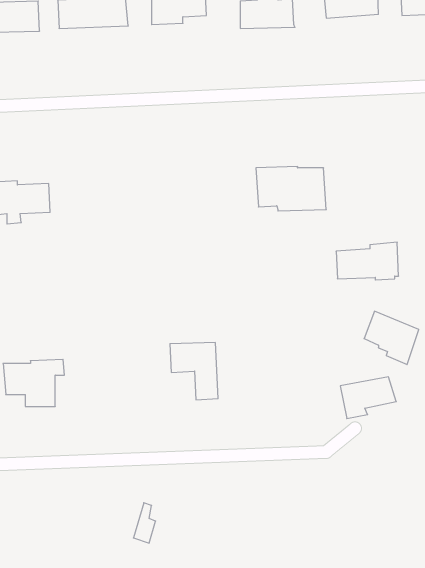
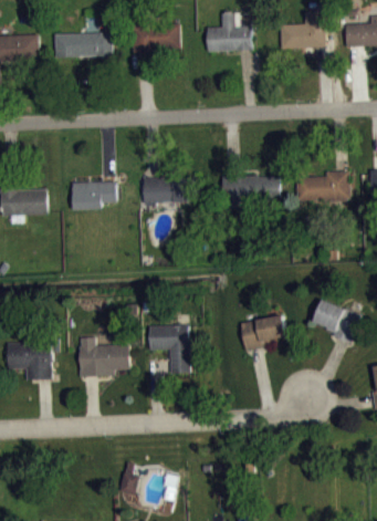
building: none -> [142,176,193,209]
building: none -> [71,180,115,208]
building: [336,242,399,280] -> [295,169,348,201]
building: none -> [78,336,129,376]
building: [340,377,396,419] -> [240,314,287,350]

